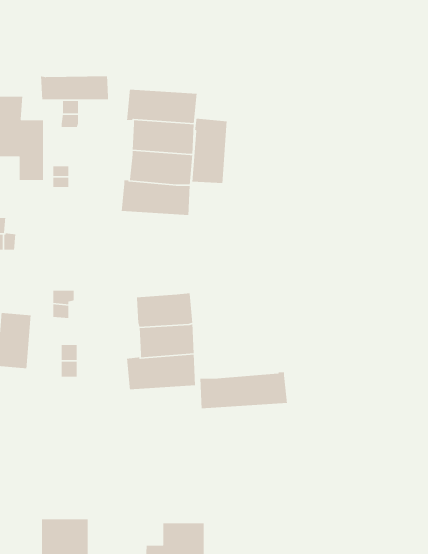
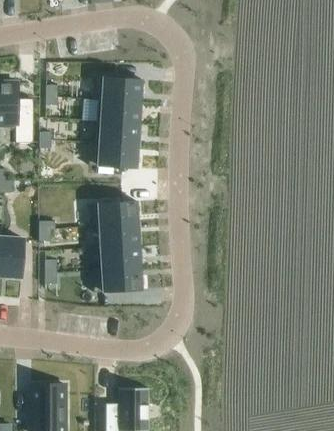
building: [40,75,109,100] -> none
building: [191,118,227,184] -> none
building: none -> [88,201,138,227]
building: [199,371,288,409] -> none

